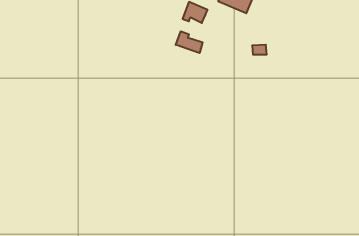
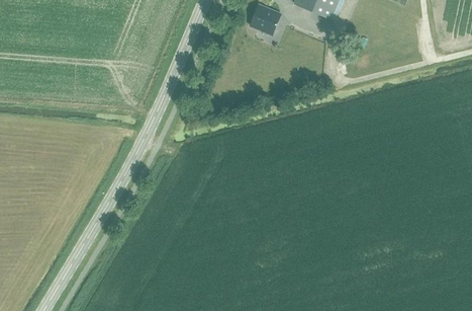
building: [176,31,203,53] -> none

